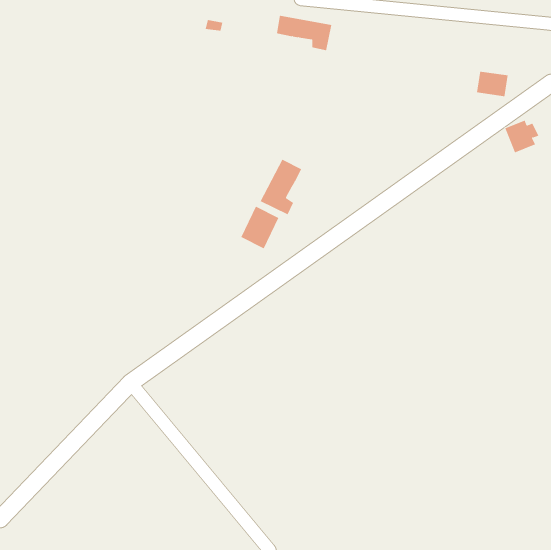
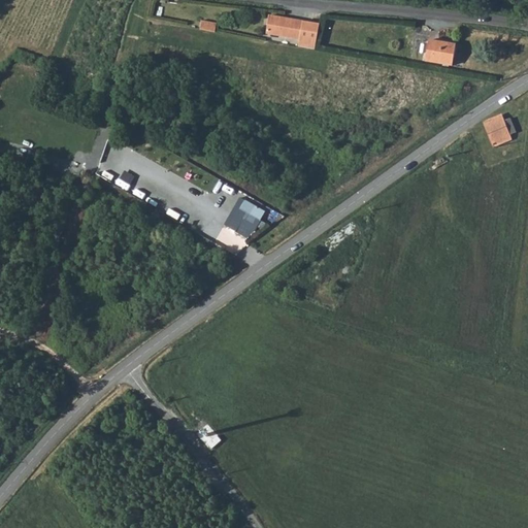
building: [476,71,509,97] -> [424,39,455,64]
building: [260,159,302,215] -> none

